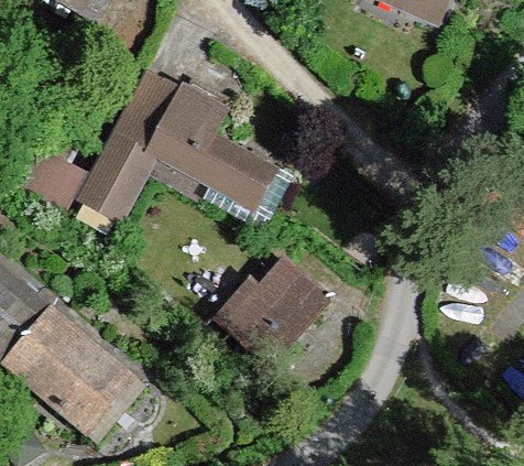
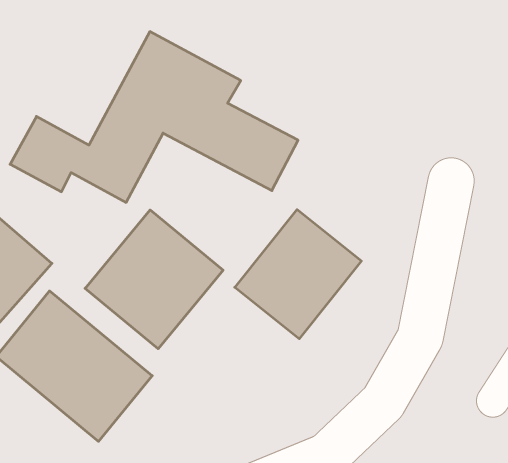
building: none -> [85,210,223,349]

